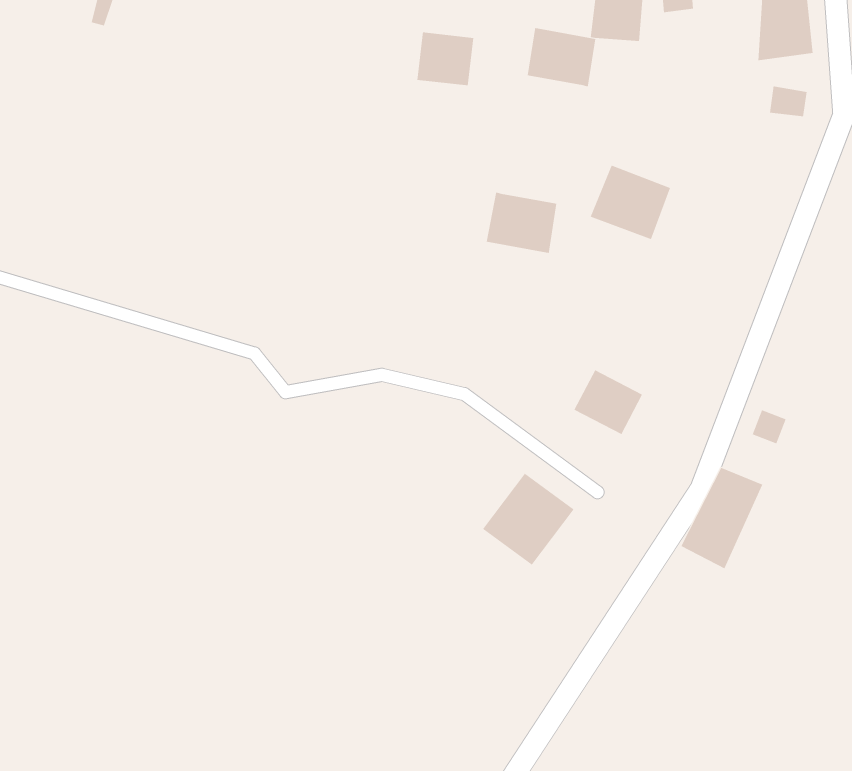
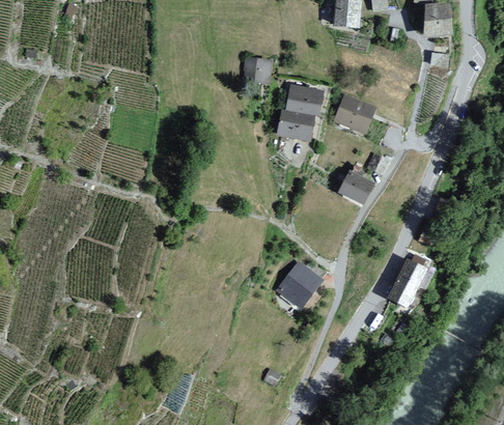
building: [527,27,596,87] -> [286,83,324,115]
building: [416,32,474,86] -> [242,56,273,85]
building: [574,369,643,435] -> [338,169,375,204]

